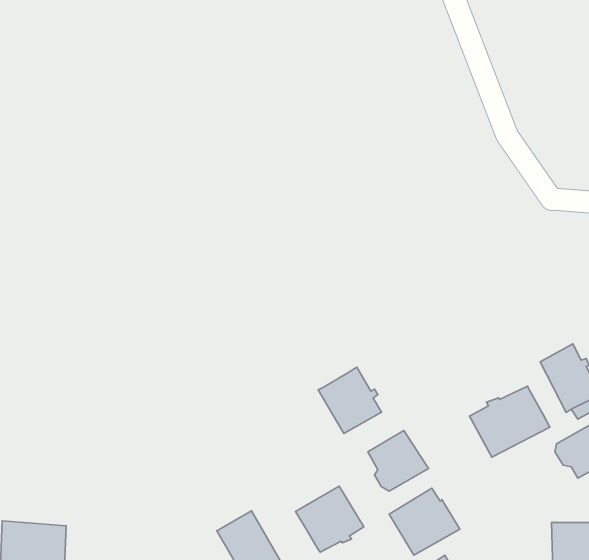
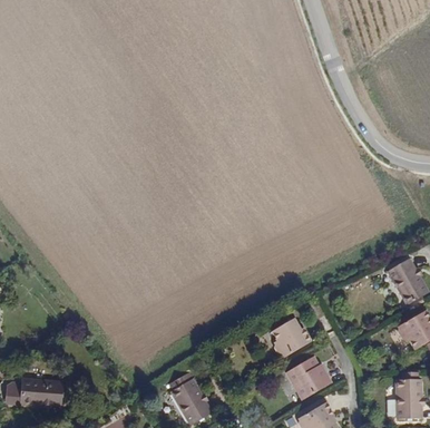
building: [318,367,382,433] -> none
building: [469,386,550,457] -> none
building: [296,486,364,552] -> none

